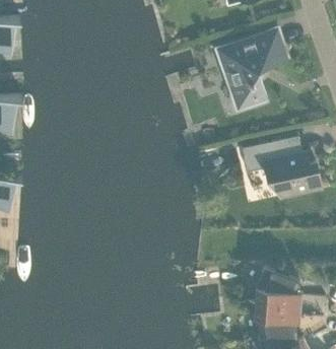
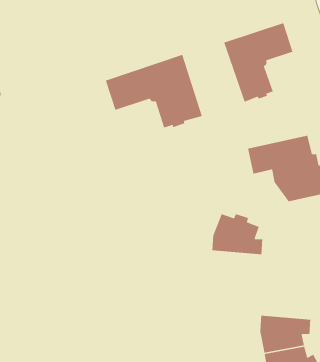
building: none -> [105,54,203,129]
building: [255,267,303,305] -> [211,213,263,255]

